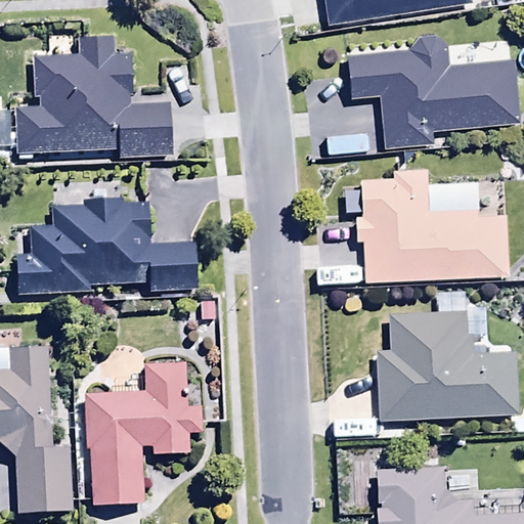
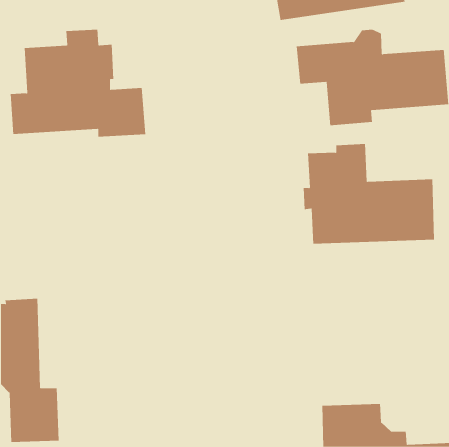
building: [15,198,194,295] -> none
building: [376,312,518,419] -> none
building: [85,361,204,504] -> none

